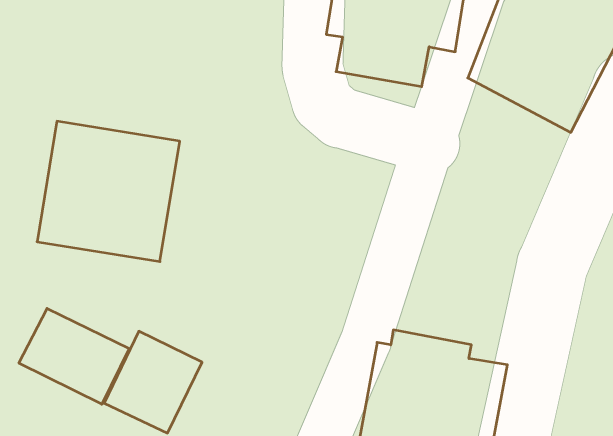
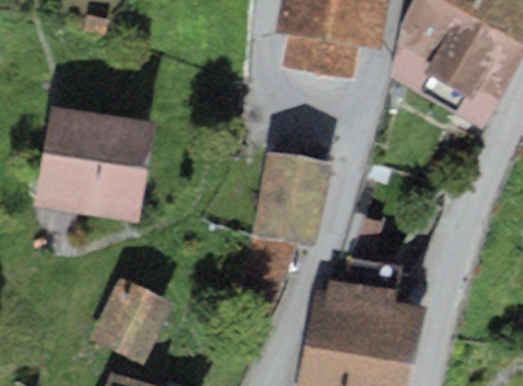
building: none -> [253,152,330,244]
building: [19,308,129,404] -> none

